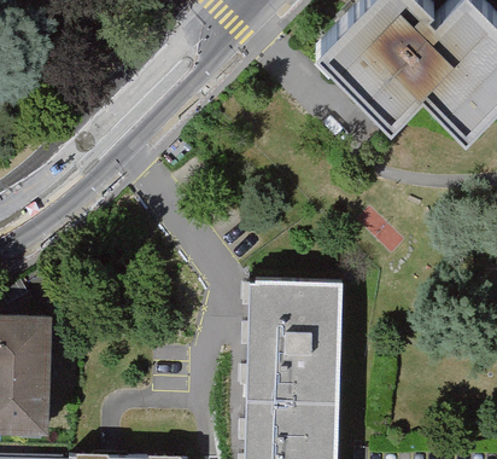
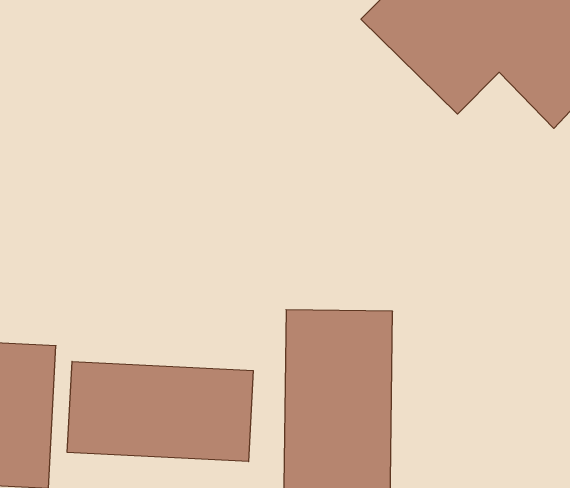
building: none -> [67,361,253,462]

